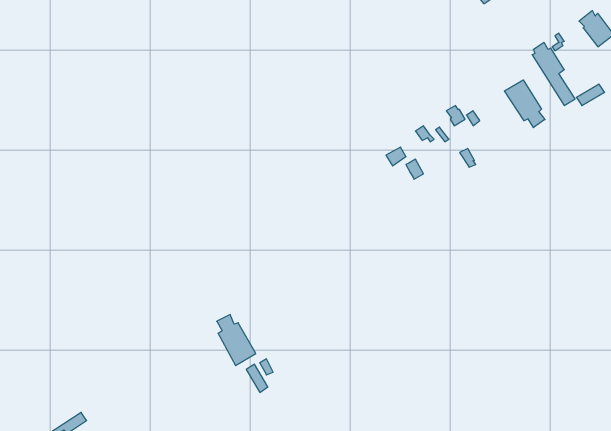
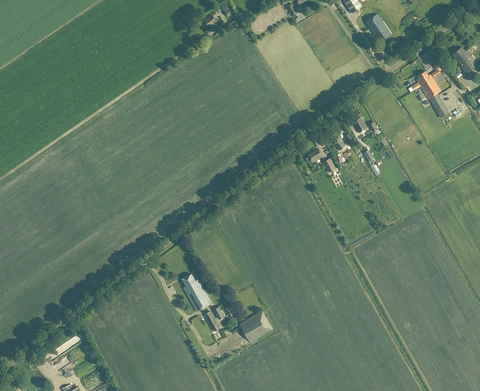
building: [504,80,545,128] -> none
building: none -> [239,311,273,343]

